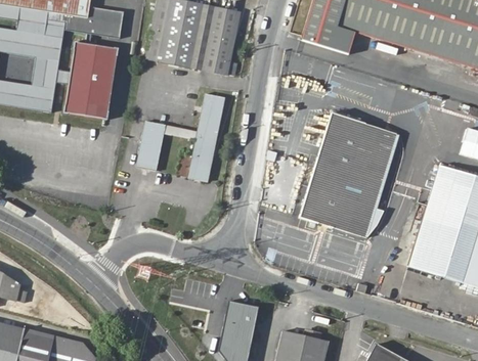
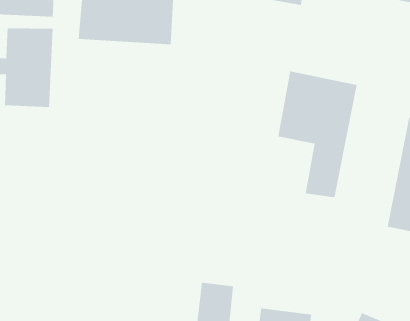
building: [137,95,225,184] -> none
building: [301,171,348,226] -> none

